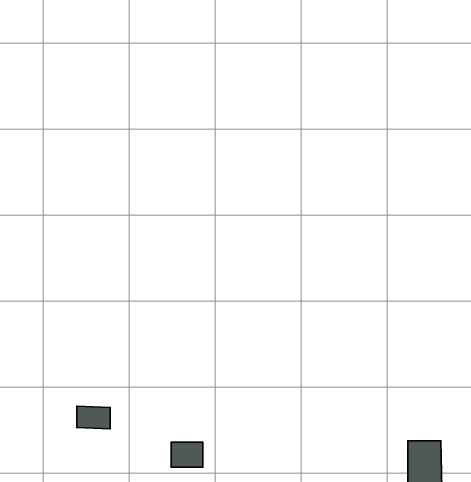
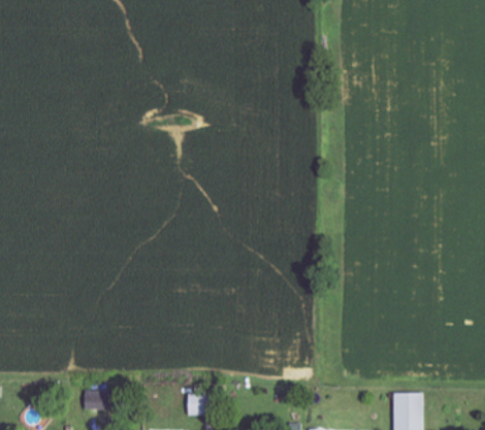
building: [77,406,110,429] -> [82,390,110,409]

